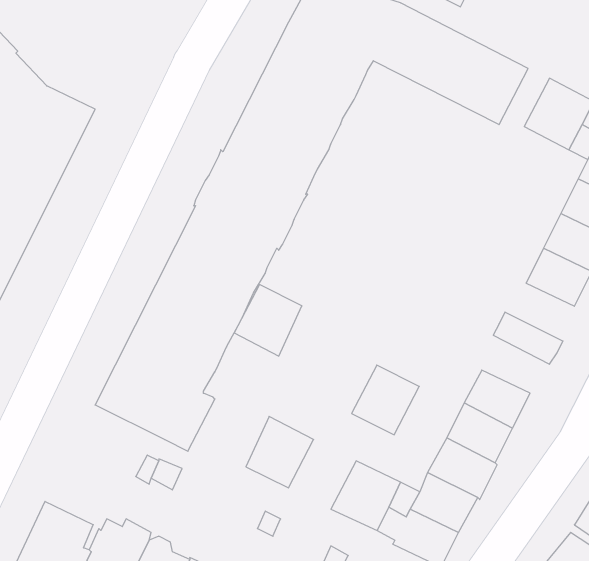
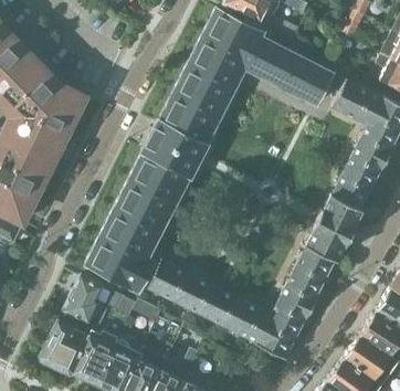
building: none -> [320,194,361,229]
building: [234,285,302,356] -> [147,260,186,300]
building: none -> [306,225,346,260]
building: [352,365,419,435] -> [197,285,235,325]
building: none -> [63,275,103,323]

